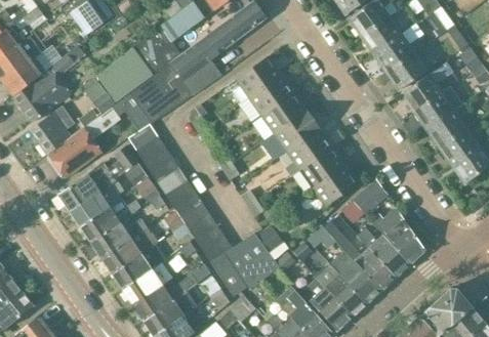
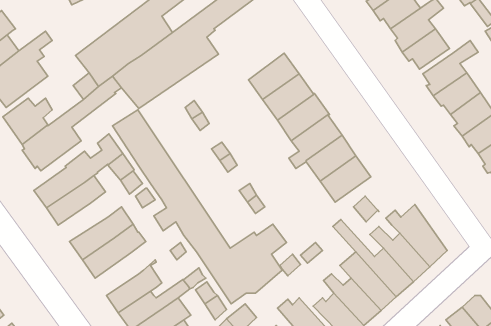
building: [236,56,281,97] -> none
building: [353,179,388,214] -> none
building: [80,197,140,241] -> none
building: [113,241,166,289] -> none

